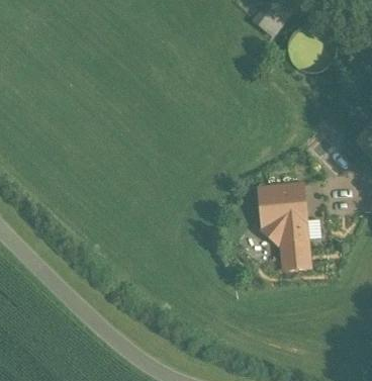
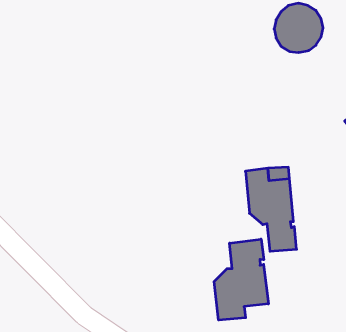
building: none -> [214,239,268,320]

